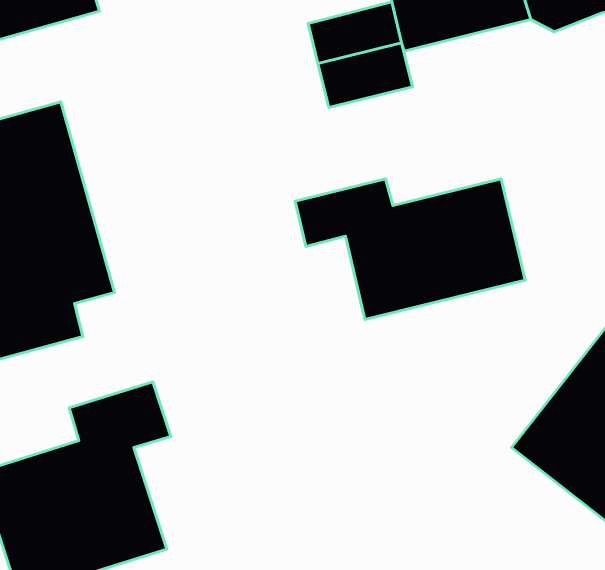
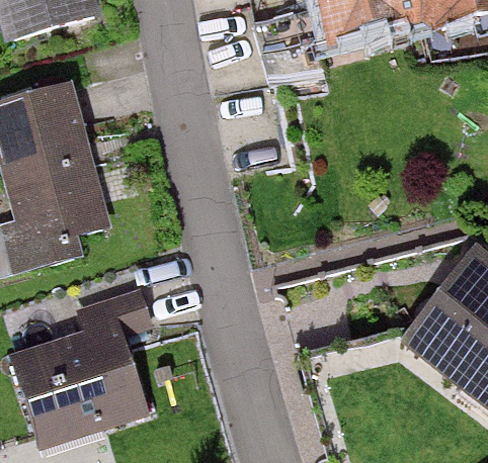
building: [295,179,525,319] -> none

